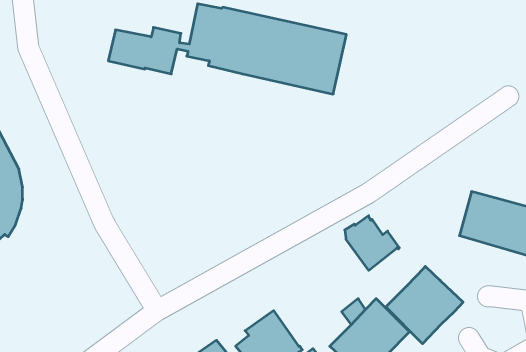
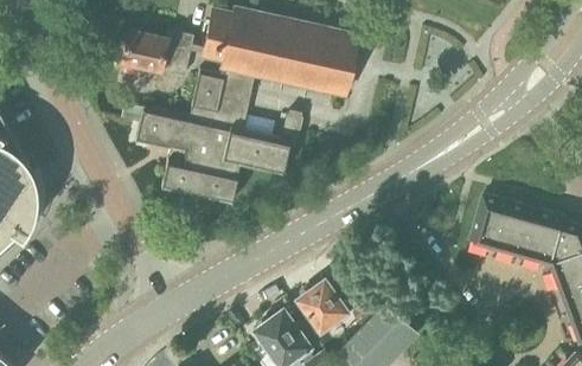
building: none -> [136,70,302,207]
building: [345,216,399,270] -> [300,278,354,333]
building: [386,266,463,344] -> none

